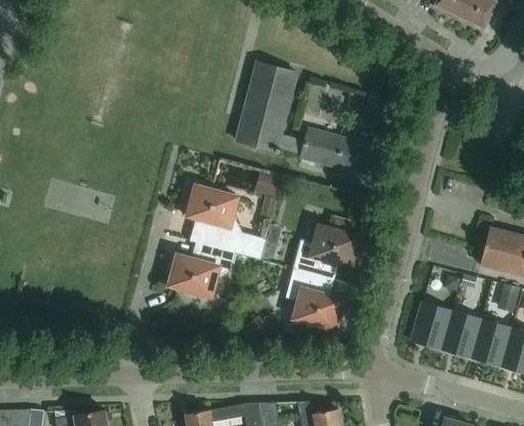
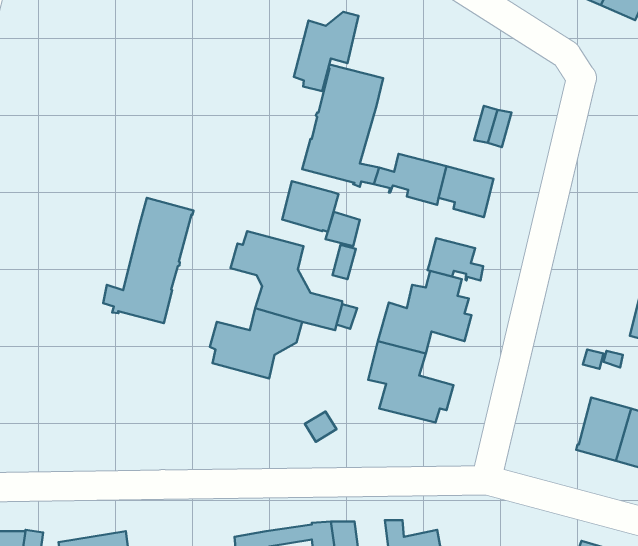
building: none -> [294,12,359,91]
building: none -> [282,181,339,232]
building: none -> [103,198,194,323]
building: none -> [427,238,483,280]
building: [410,302,451,349] -> none

